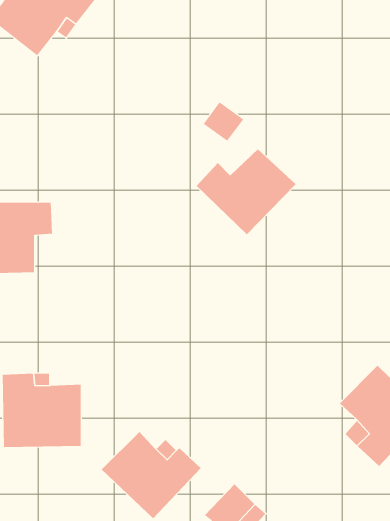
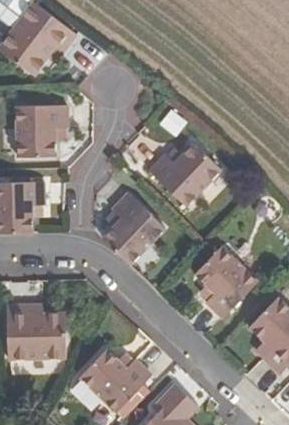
building: none -> [15,105,67,157]
building: none -> [100,191,163,263]
building: none -> [193,245,256,315]

